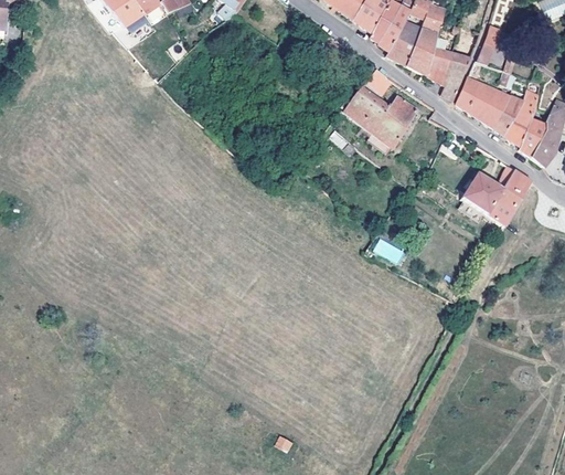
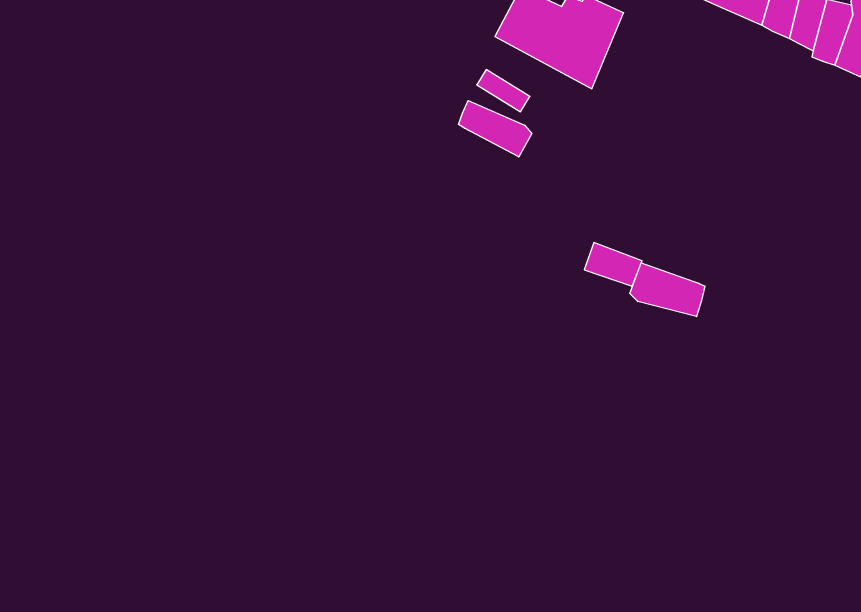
building: none -> [458,101,532,157]
building: [462,170,530,225] -> none
building: none -> [630,263,705,317]

